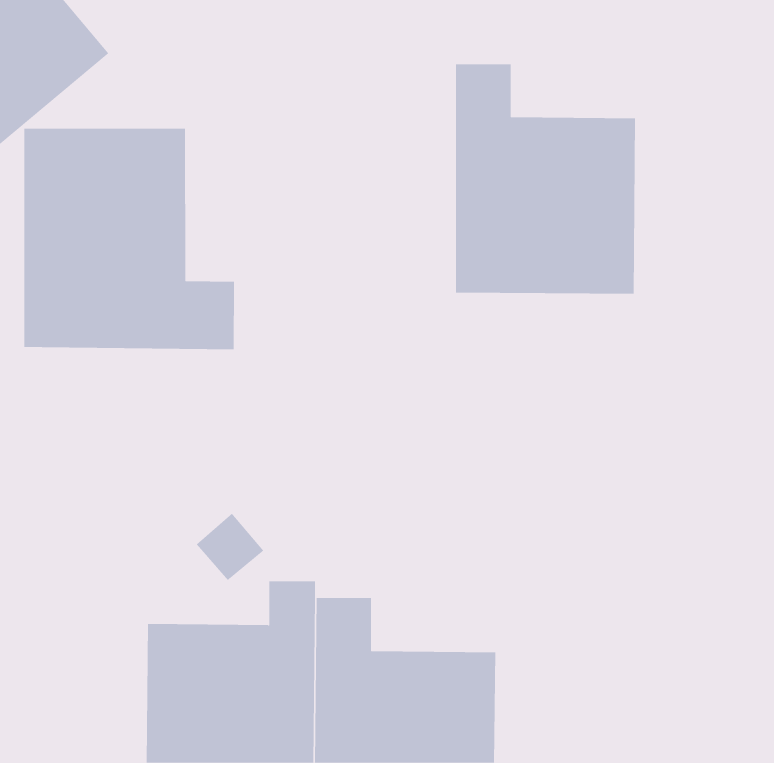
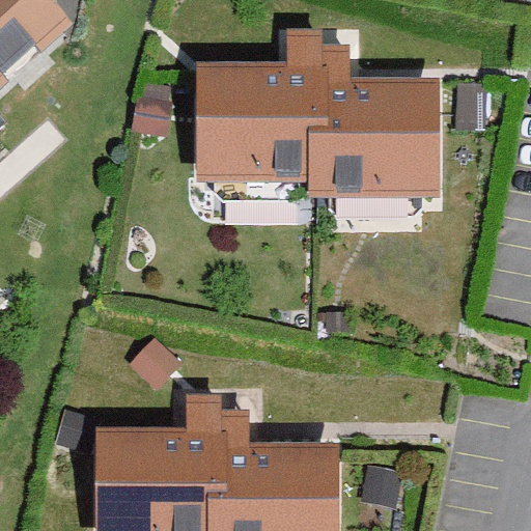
building: none -> [196,32,311,187]
building: [24,128,235,350] -> none

